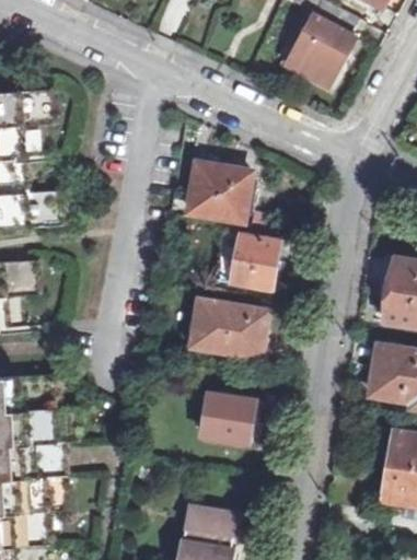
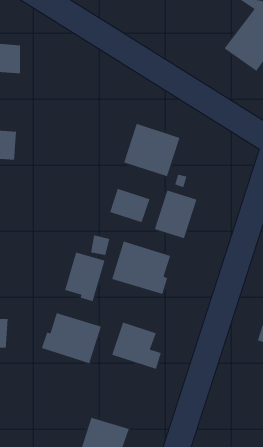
building: none -> [109,188,150,223]
building: none -> [64,251,106,302]
building: none -> [41,312,102,364]

